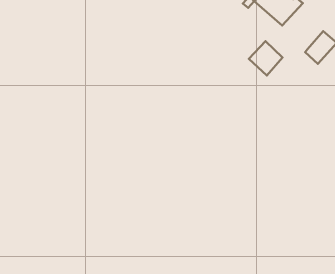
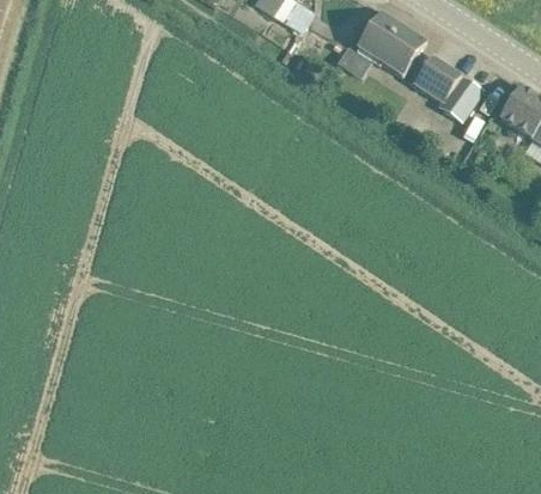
building: [249,41,283,76] -> [413,55,460,103]

